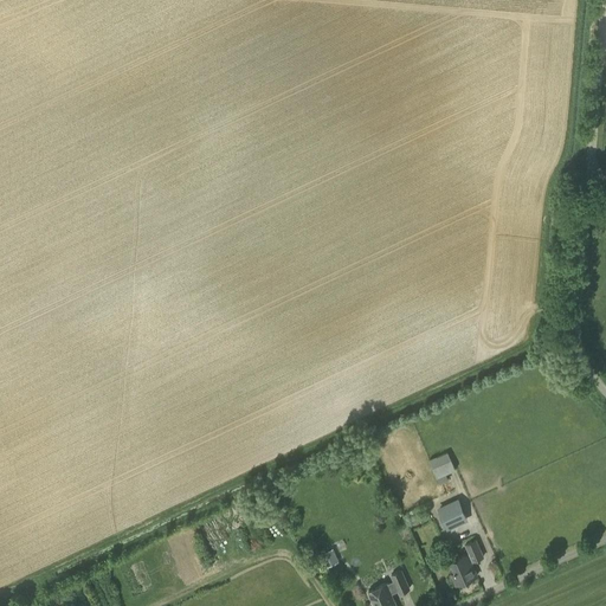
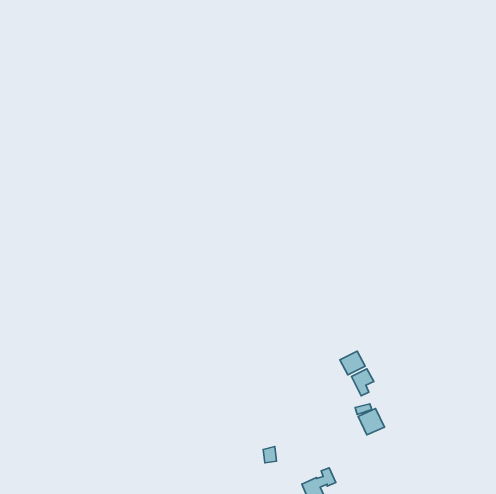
building: none -> [340,351,365,375]
building: [451,542,484,587] -> none

